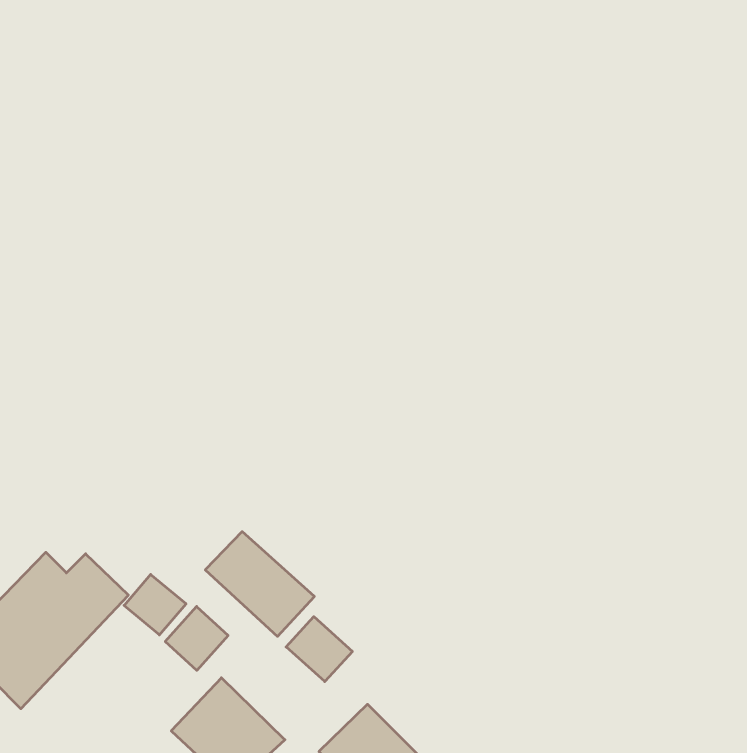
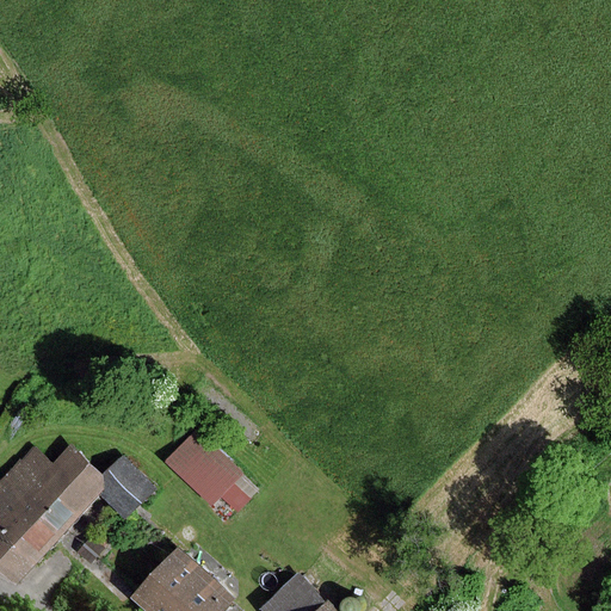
building: [165,606,228,670] -> none
building: [286,617,352,682] -> none

